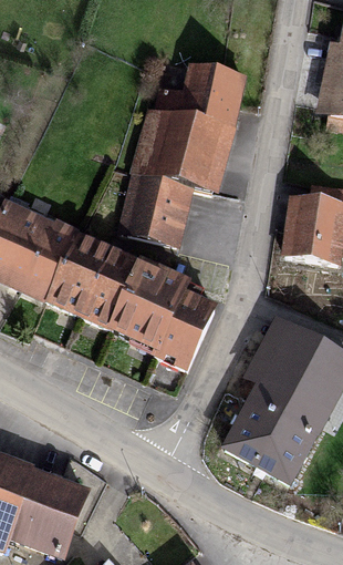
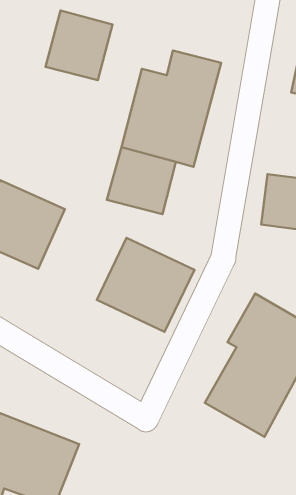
building: none -> [46,10,113,80]
building: [46,235,142,332] -> none

